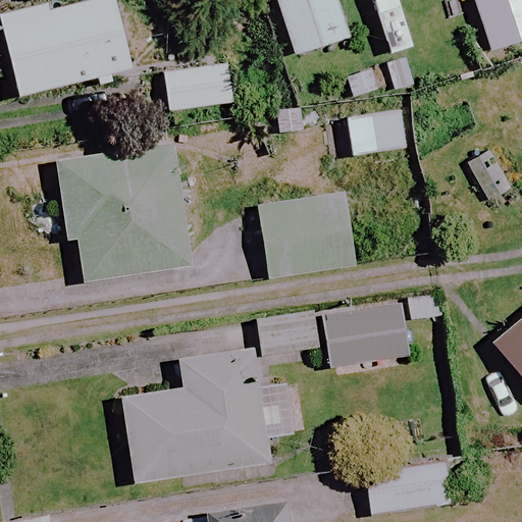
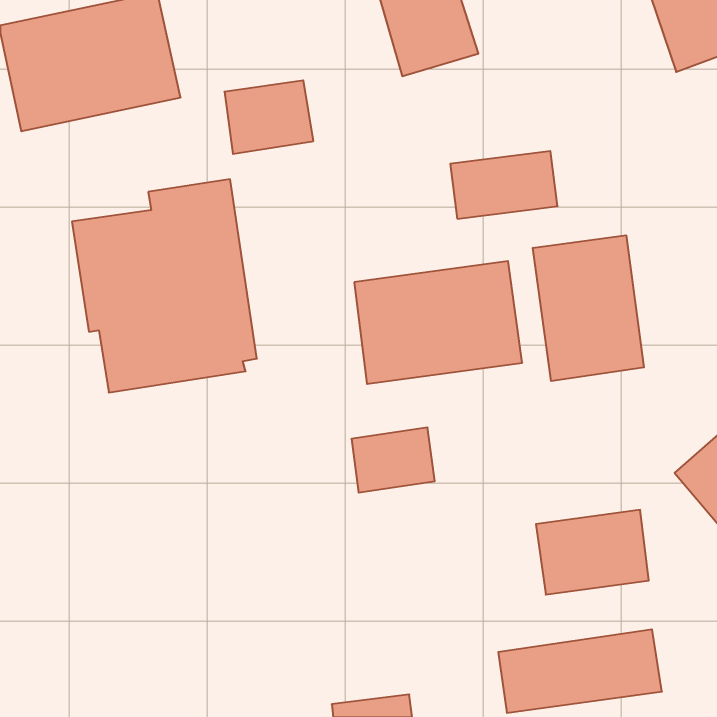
building: none -> [533,235,644,381]
building: [322,305,404,366] -> [536,510,649,595]
building: [120,350,302,482] -> none

